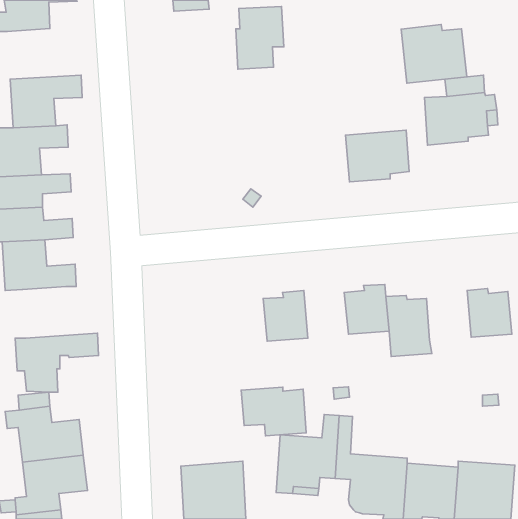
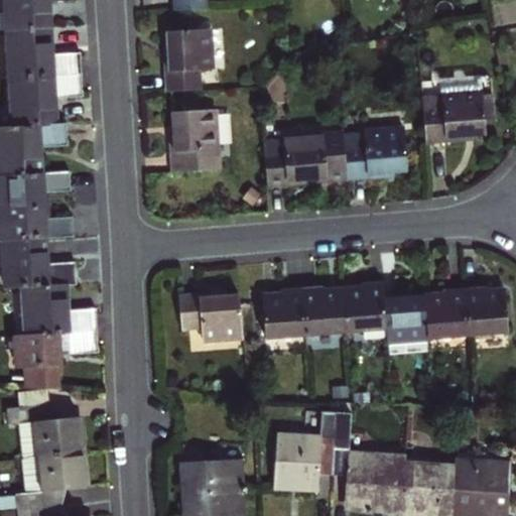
building: [236,6,284,69] -> [163,29,211,92]
building: [401,25,467,83] -> none
building: none -> [7,28,81,79]
building: none -> [168,110,217,172]
building: none -> [262,134,347,187]
building: none -> [22,284,97,336]
building: none -> [301,287,346,336]
building: none -> [423,288,468,338]
building: [241,387,306,436] -> [177,292,242,341]

